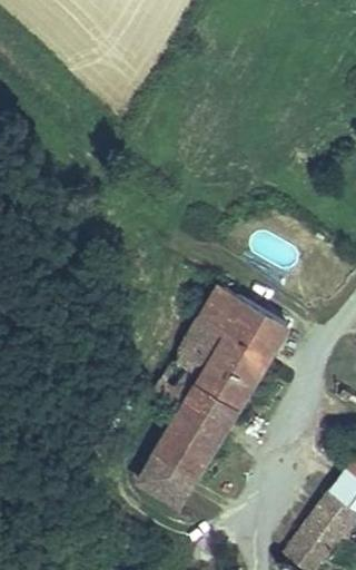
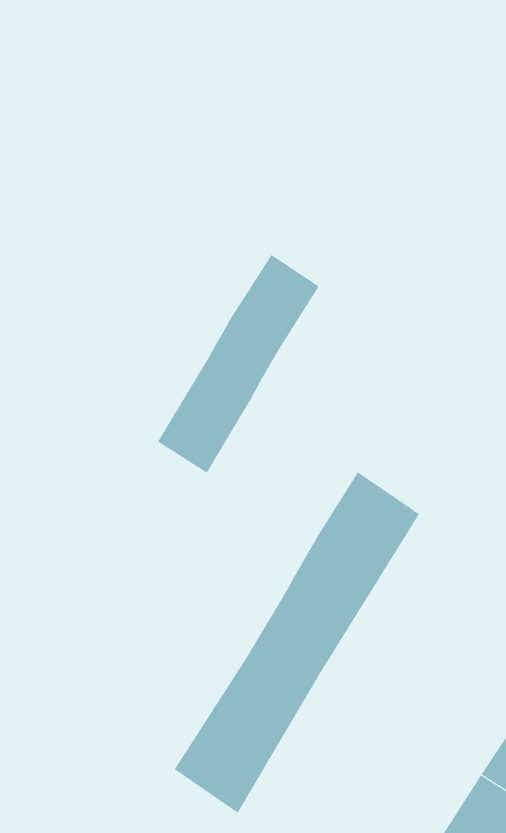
building: [150,279,251,416] -> [157,254,319,473]

